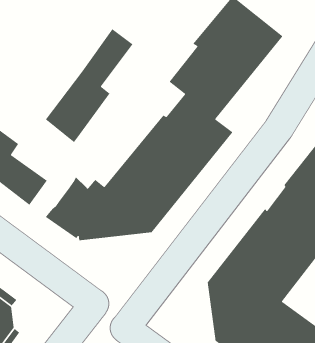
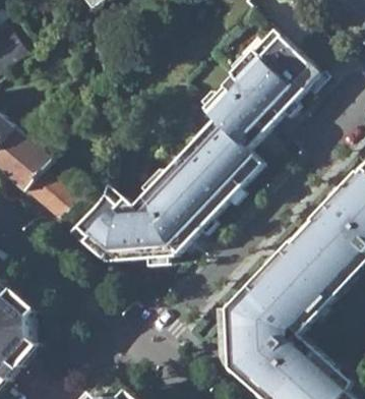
building: [45,28,134,143] -> none

